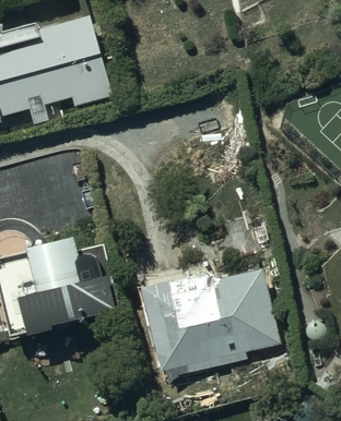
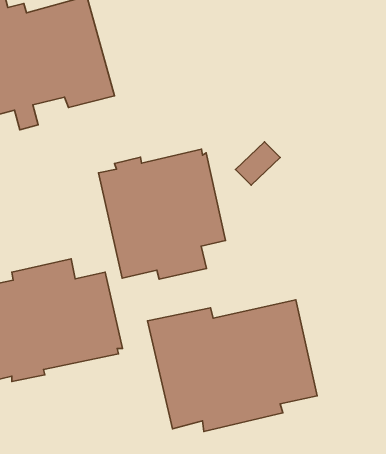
building: none -> [99,149,225,279]

